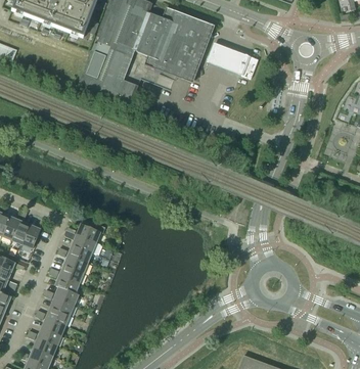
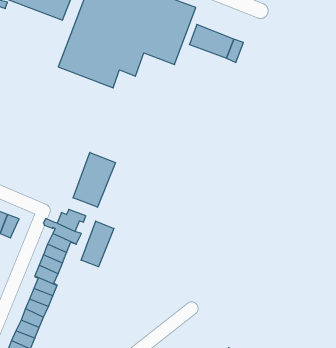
building: none -> [73,152,115,207]
building: none -> [81,221,114,267]

